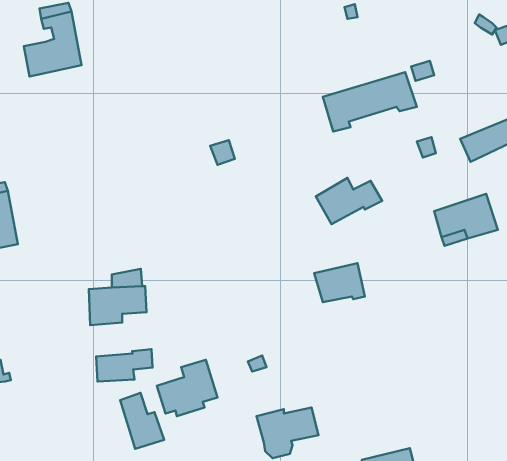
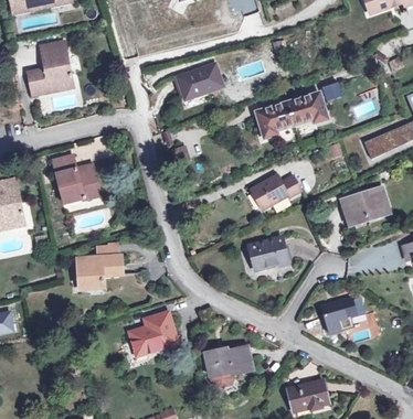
building: none -> [178,64,222,98]
building: none -> [52,154,98,203]
building: none -> [320,297,354,333]
building: [96,349,153,381] -> none
building: [120,393,164,449] -> none

